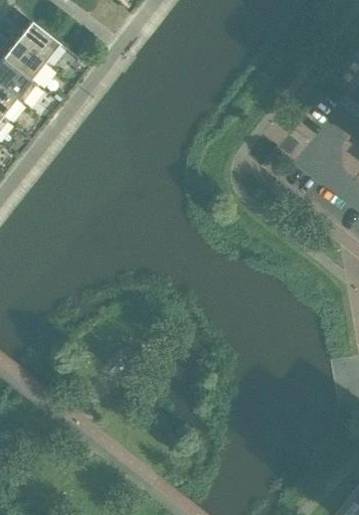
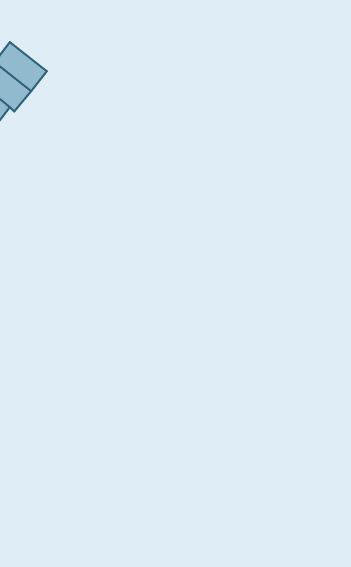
building: [18,23,61,64] -> none

